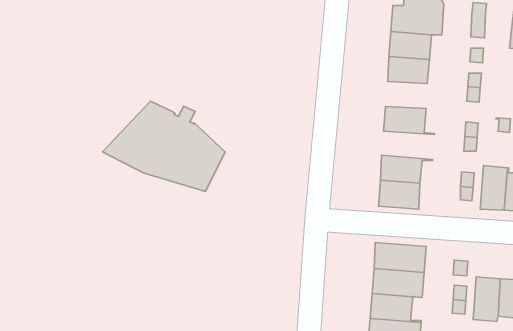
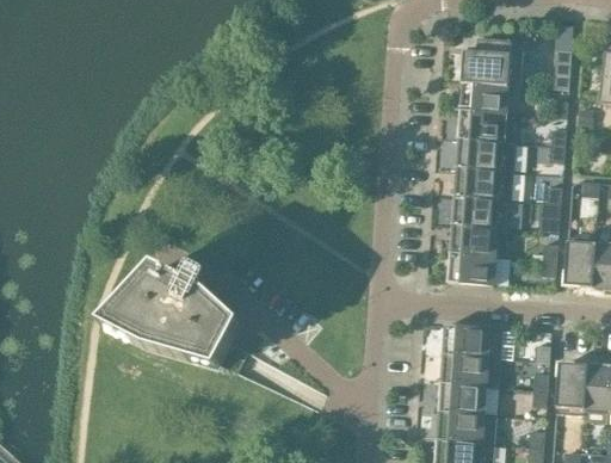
building: none -> [456,137,516,169]
building: [103,101,225,191] -> [101,266,242,370]
building: none -> [451,195,512,227]

